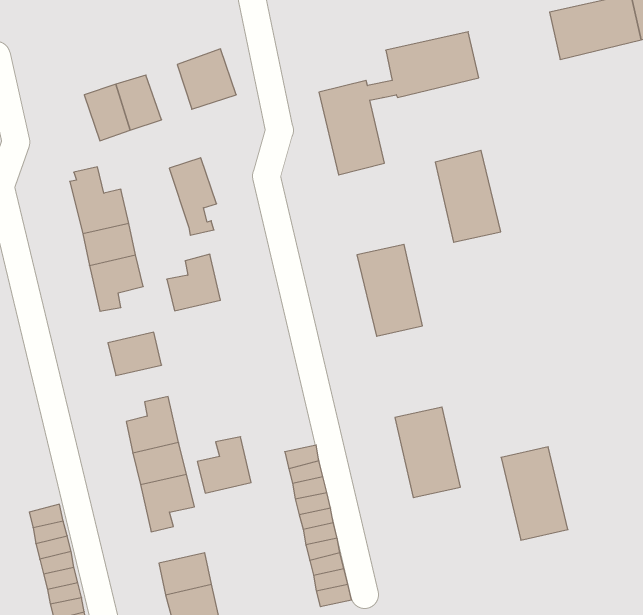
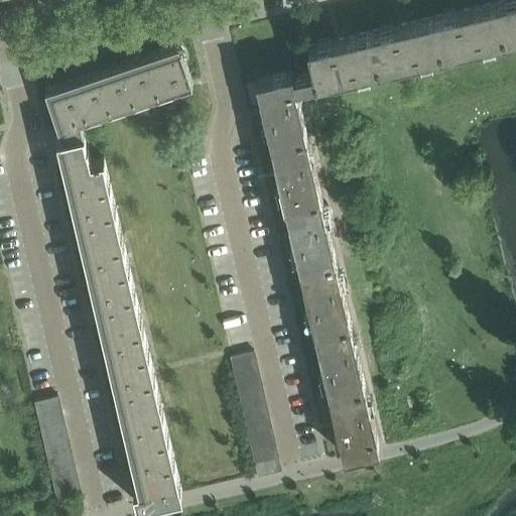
building: none -> [368,27,438,78]
building: none -> [120,68,155,110]
building: [435,150,501,242] -> [268,143,318,214]
building: [169,158,217,235] -> [48,91,85,150]
building: [167,254,220,311] -> [85,238,126,281]
building: none -> [297,268,348,339]
building: none -> [97,298,137,342]
building: [197,437,251,493] -> [124,407,165,450]
building: [501,447,568,540] -> [326,392,377,464]

